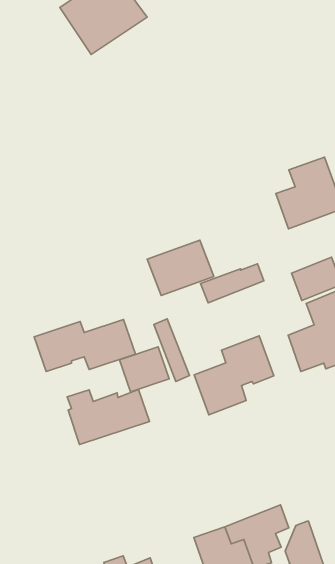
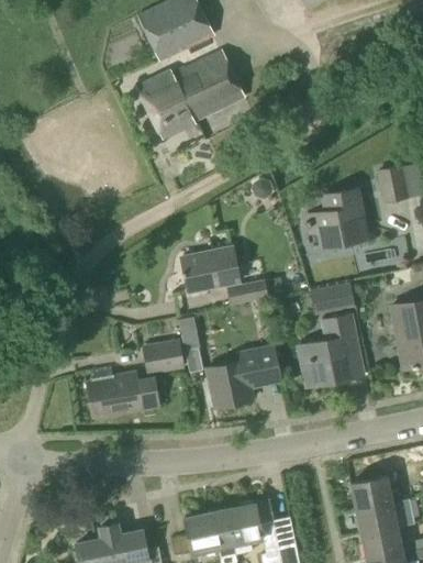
building: none -> [136,51,244,140]
building: [34,320,136,371] -> none

